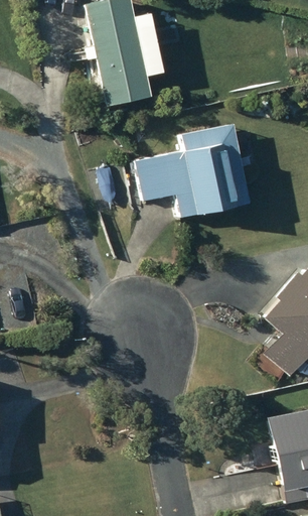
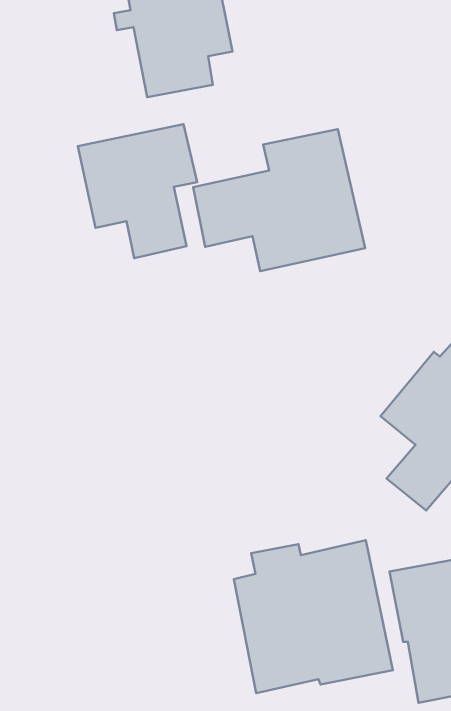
building: none -> [78,124,197,258]
building: none -> [234,540,393,693]

